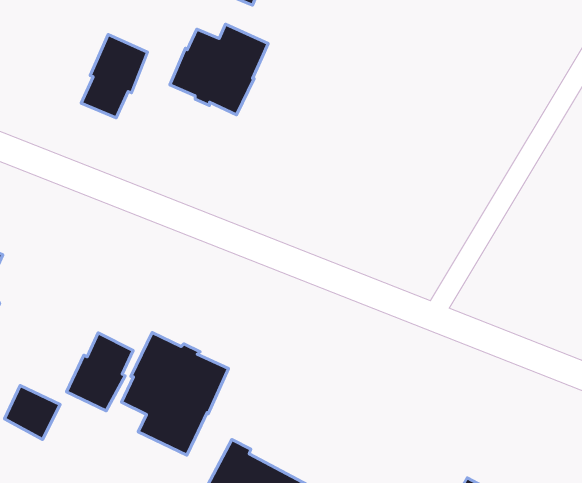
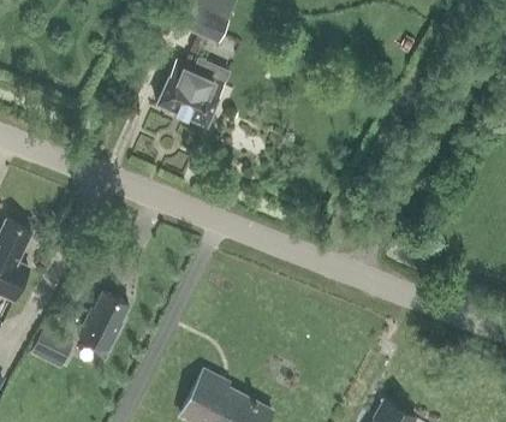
building: [81,35,147,118] -> none
building: [122,333,229,455] -> none

